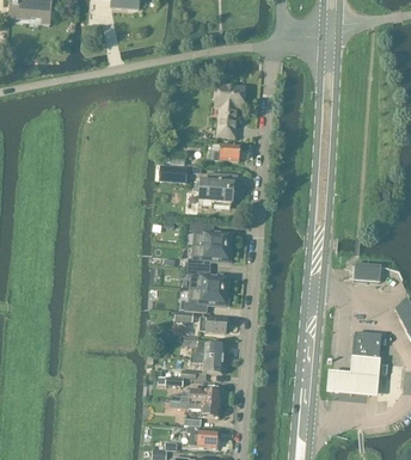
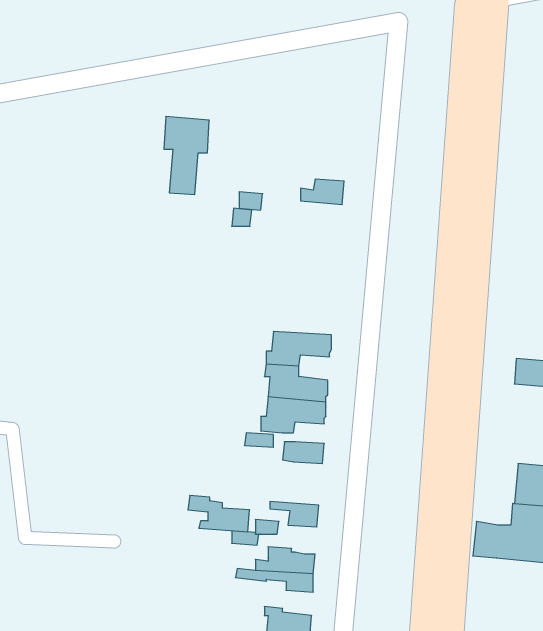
building: [215,85,245,136] -> [164,117,209,195]
building: [197,172,238,206] -> none
building: [191,222,233,247] -> none
building: [184,336,225,360] -> [188,495,250,532]

